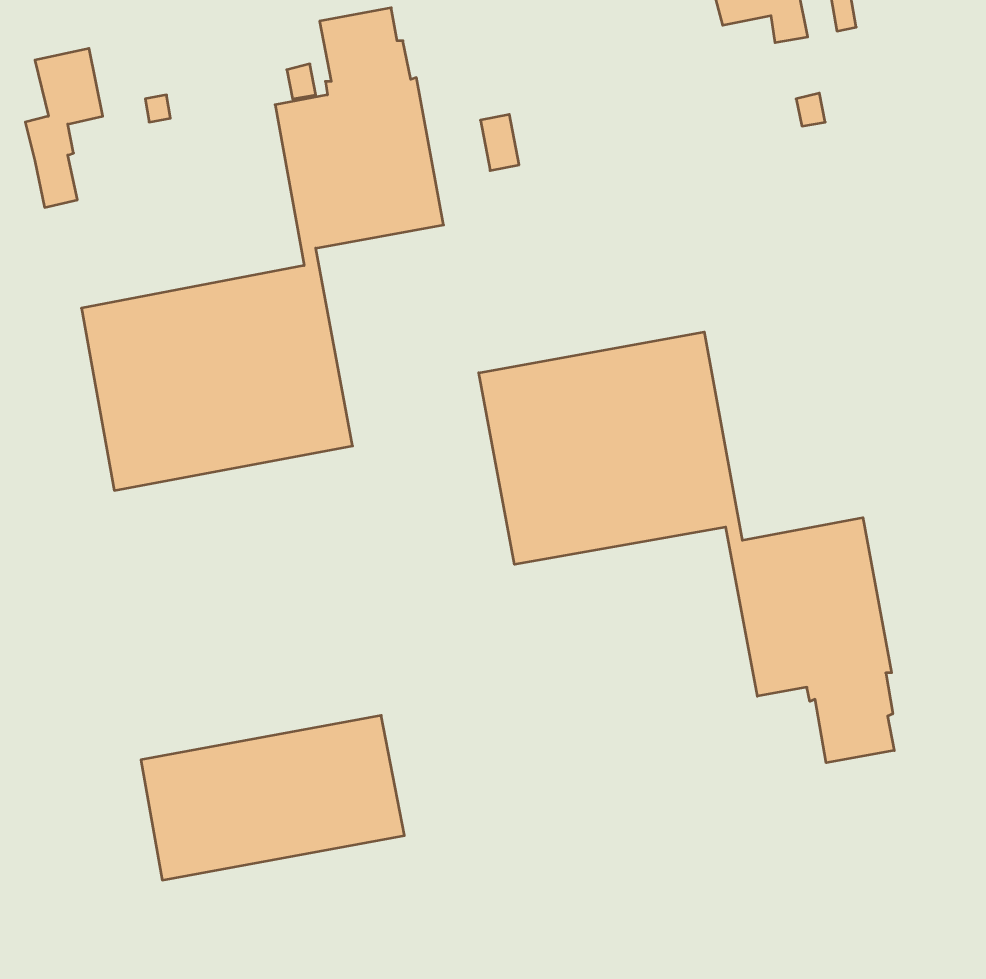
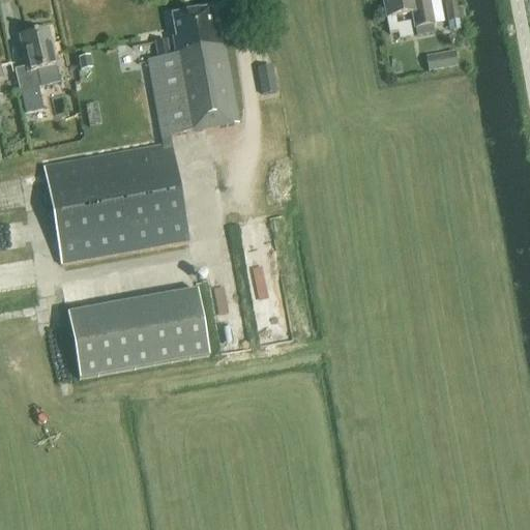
building: [479,332,894,763] -> none
building: [141,715,404,880] -> [69,287,210,375]

